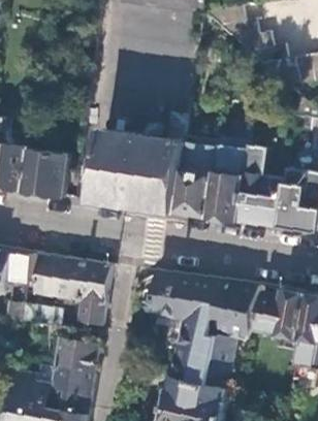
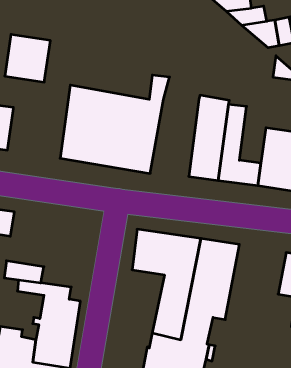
building: [167,138,217,217] -> none
building: [22,148,68,196] -> [5,34,50,82]
building: [33,254,109,322] -> none
building: [256,290,306,336] -> none

